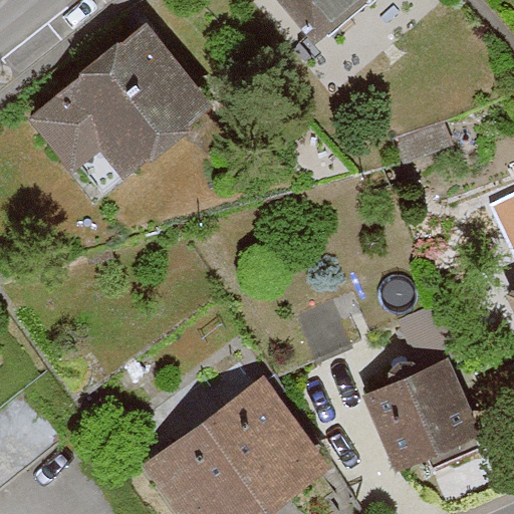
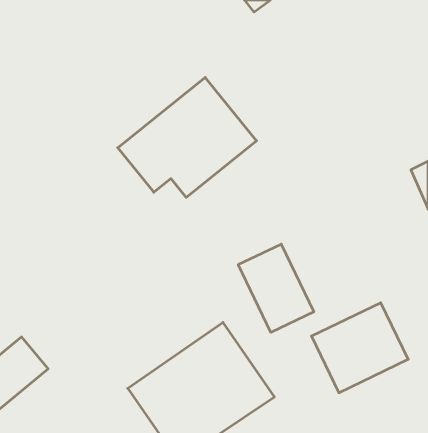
building: [40,29,203,170] -> [118,77,257,197]
building: none -> [238,244,314,332]

